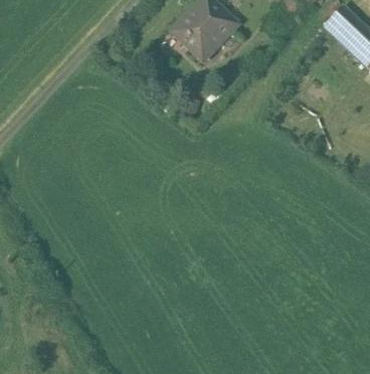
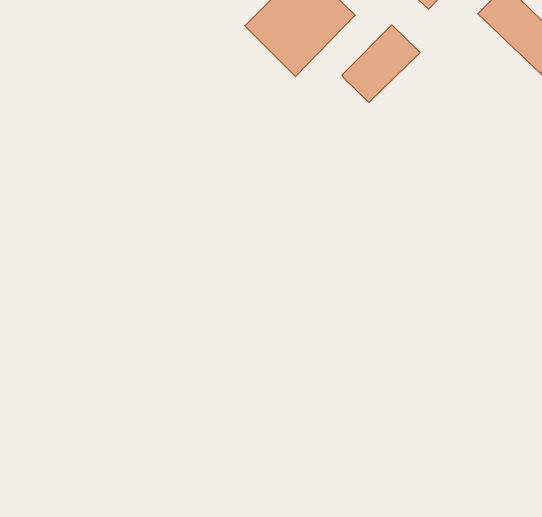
building: none -> [342,25,420,102]

